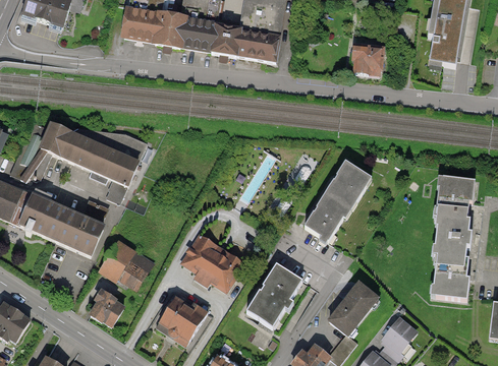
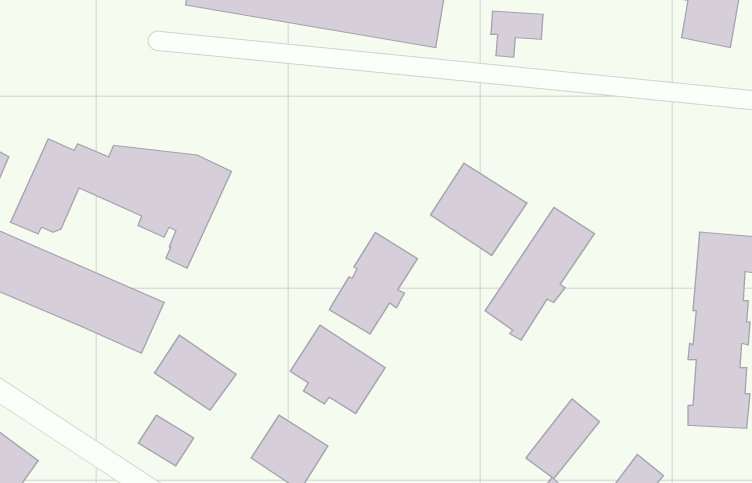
building: [348,48,381,76] -> [491,11,543,57]
building: none -> [431,163,527,256]
building: [242,264,297,327] -> [329,233,418,334]

